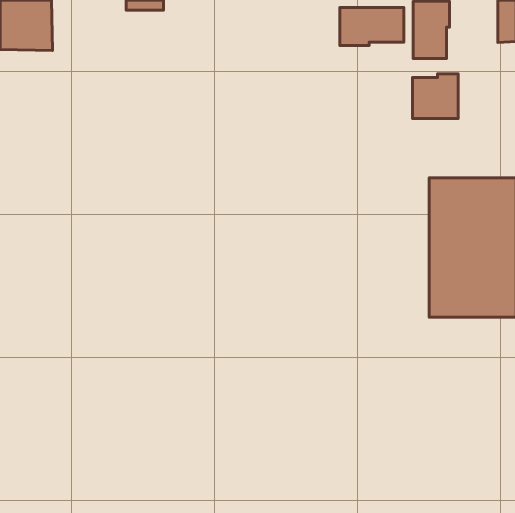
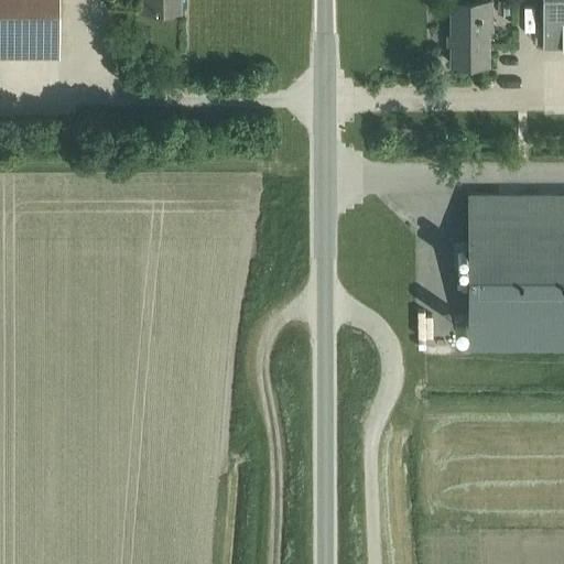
building: [340,7,404,45] -> none
building: [413,74,458,119] -> none

